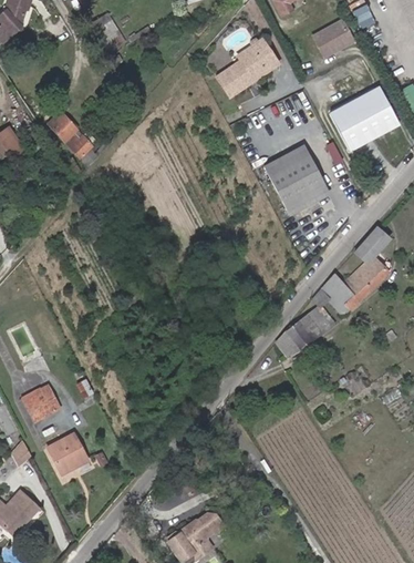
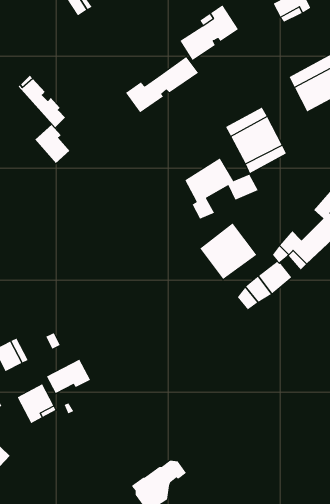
building: none -> [125,56,199,113]
building: none -> [35,124,70,164]
building: none -> [184,158,259,219]
building: none -> [199,223,257,280]
building: none -> [46,359,91,394]

